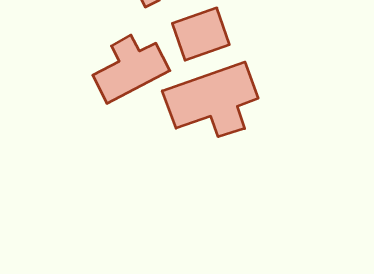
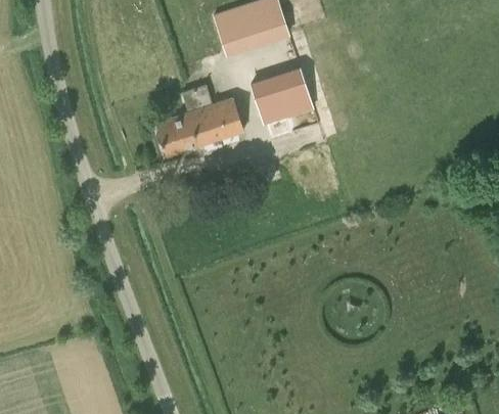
building: [162,62,258,137] -> none

